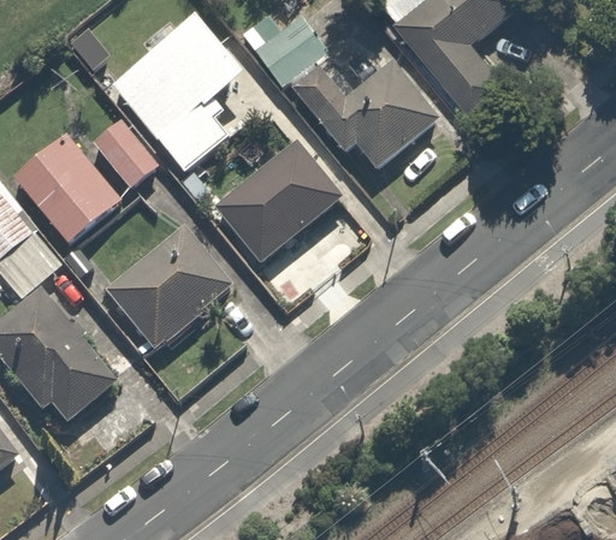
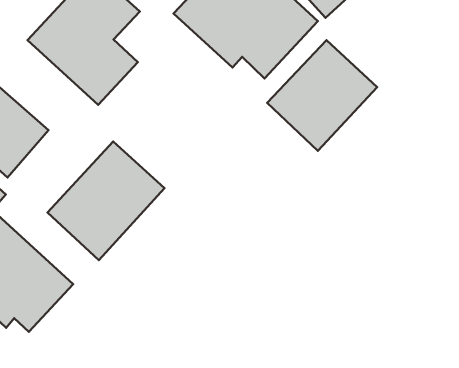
building: [89,114,156,184] -> none
building: none -> [267,40,377,151]
building: [211,144,340,265] -> none

